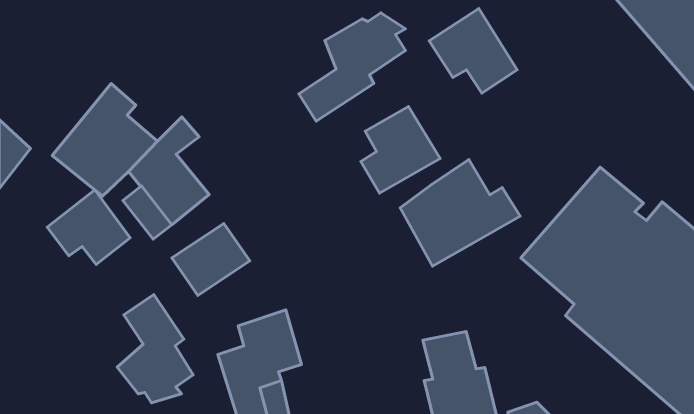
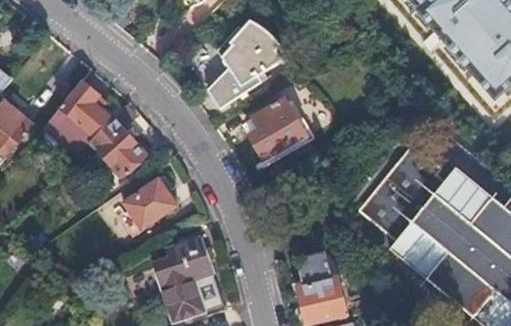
building: [429,8,517,93] -> none
building: [400,160,520,266] -> none
building: [47,190,130,264] -> none
building: [117,294,193,403] -> none

